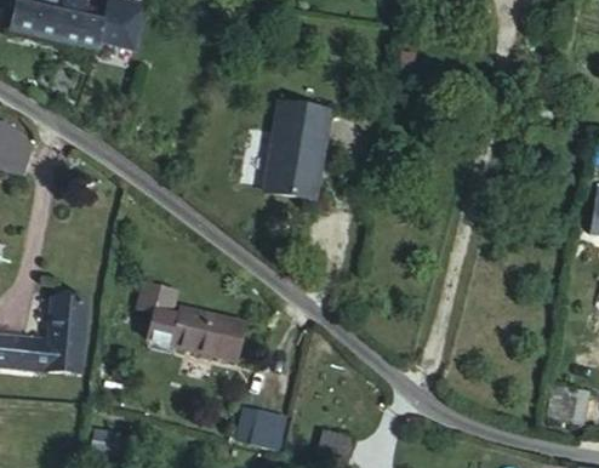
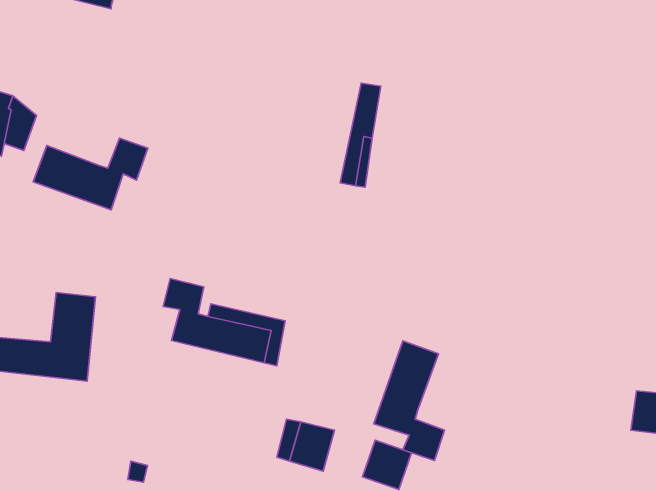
building: [266,109,313,201] -> none
building: none -> [33,138,148,210]
building: none -> [374,341,445,460]

